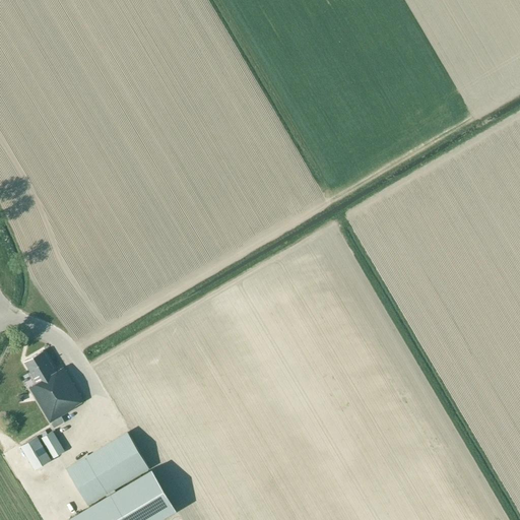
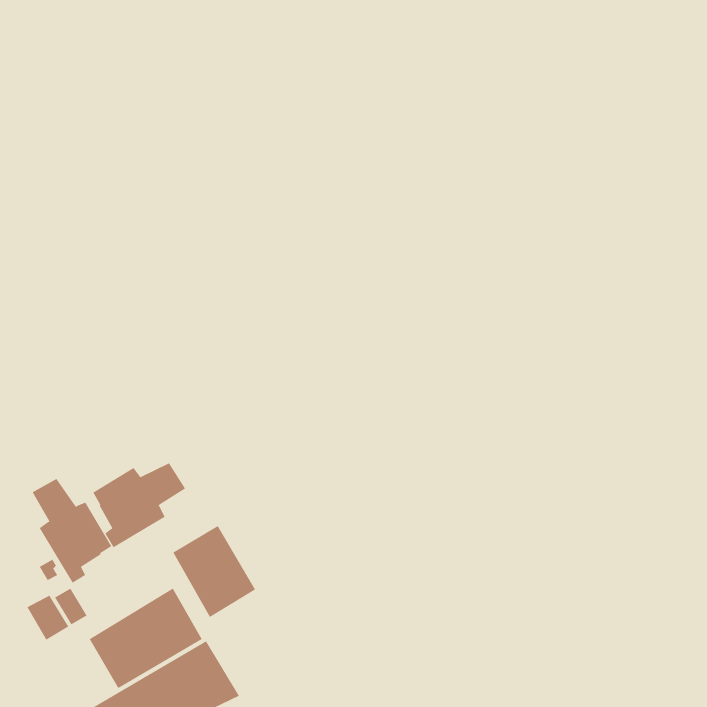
building: none -> [92,462,186,548]
building: none -> [172,525,256,618]

